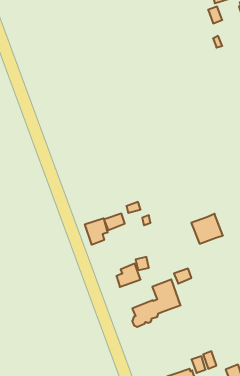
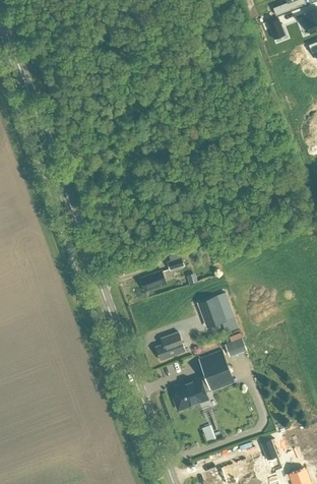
building: [191,214,223,244] -> [197,292,236,328]
building: [85,218,108,245] -> none

